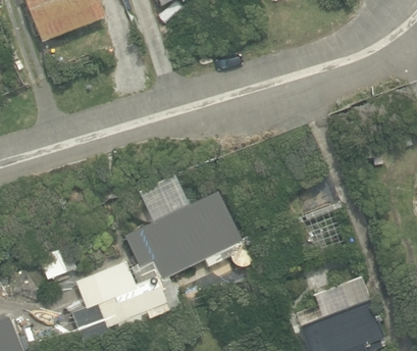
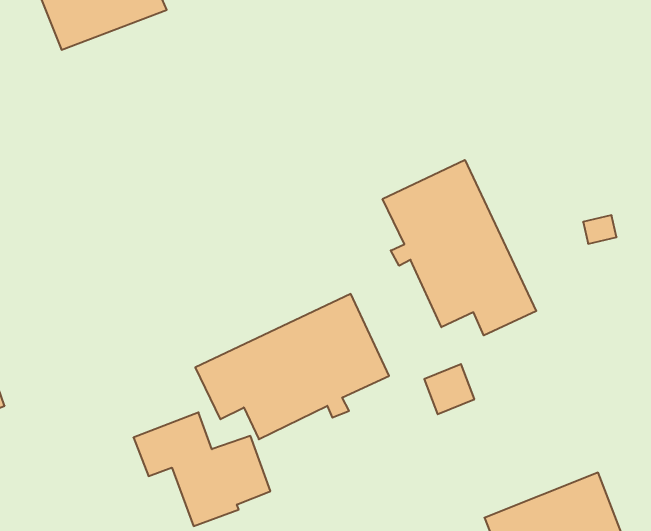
building: none -> [383,160,536,335]

